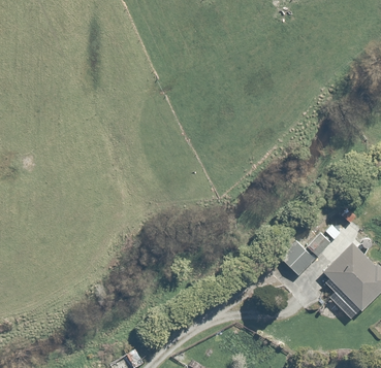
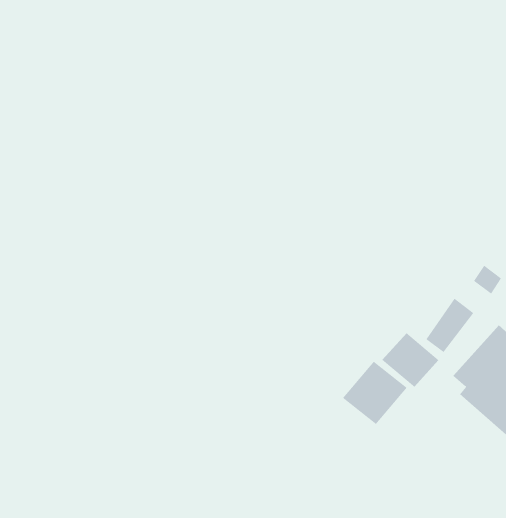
building: none -> [342,361,407,425]

